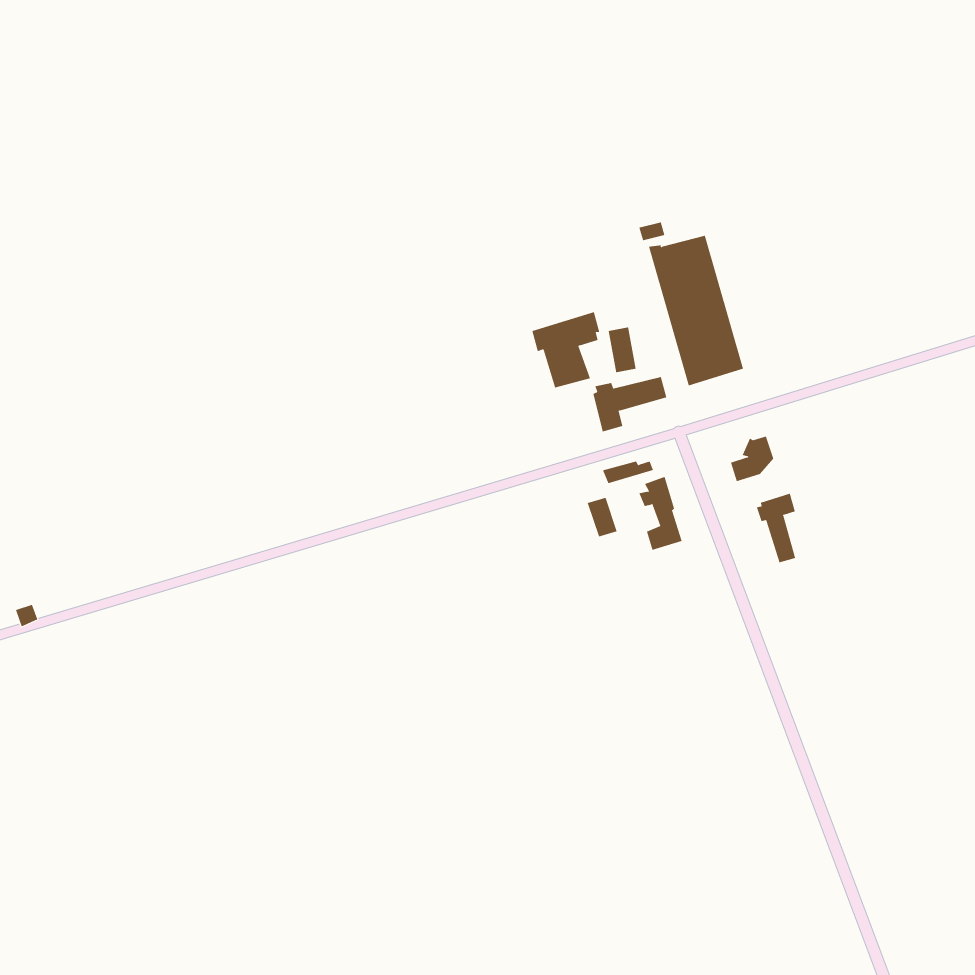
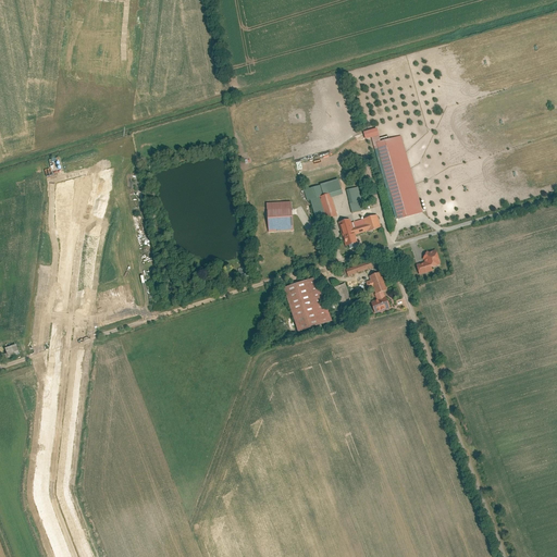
building: none -> [268,200,295,231]
building: none -> [284,274,333,331]
building: [756,493,796,563] -> none

